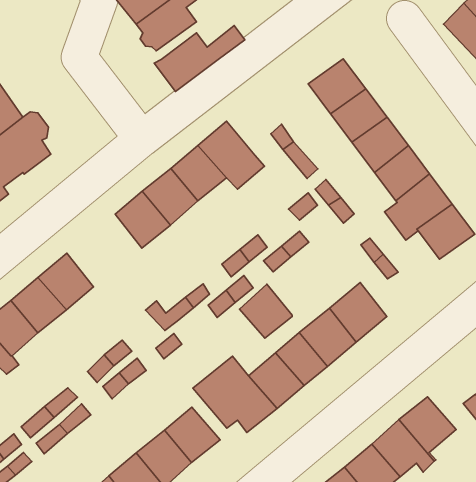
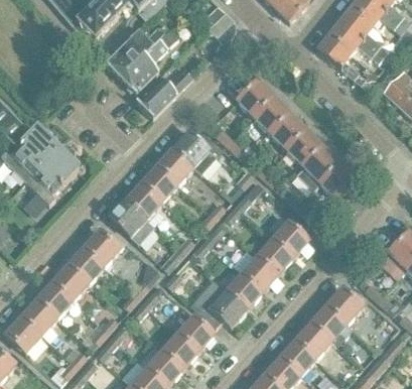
building: none -> [110,200,152,243]
building: [240,284,292,338] -> none

